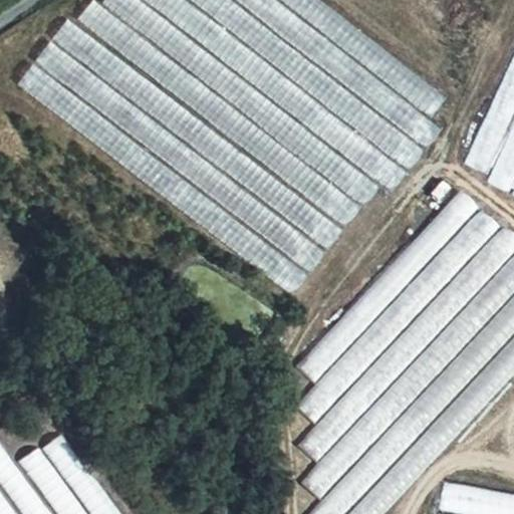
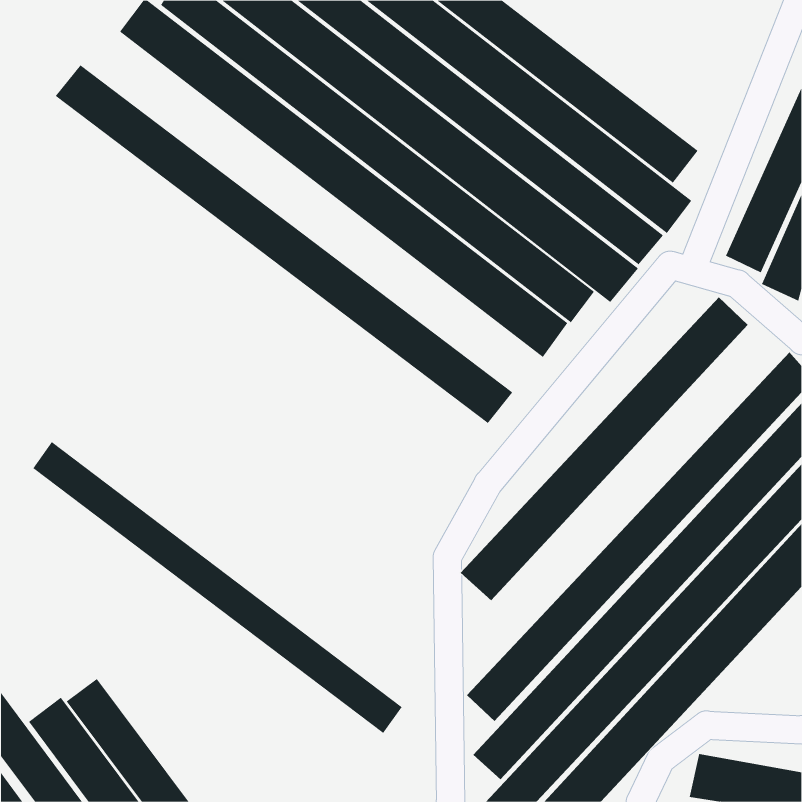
building: [51,20,343,250] -> none
building: [19,64,311,294] -> none
building: [295,209,501,426] -> none
building: none -> [33,441,403,734]

